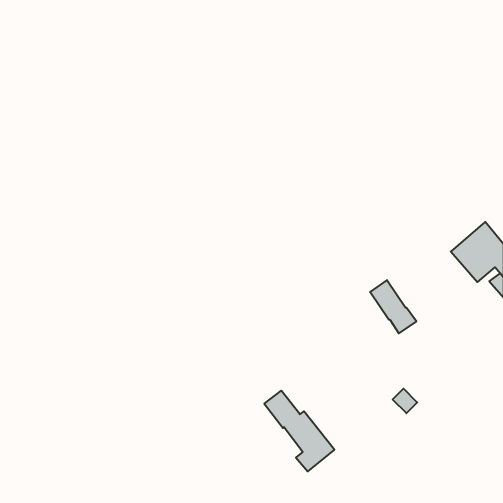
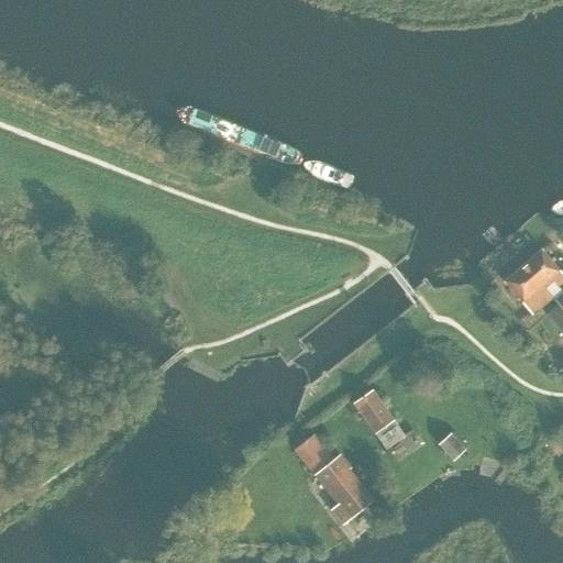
building: [370,280,416,333] -> [354,389,406,449]

